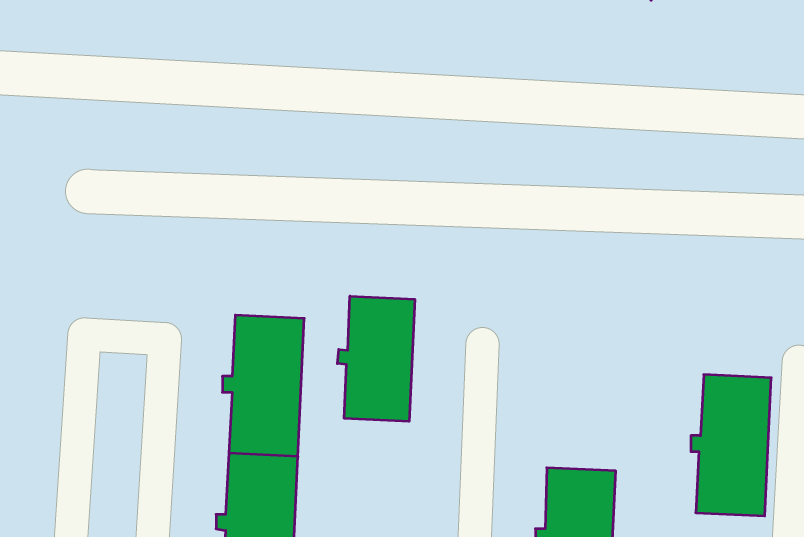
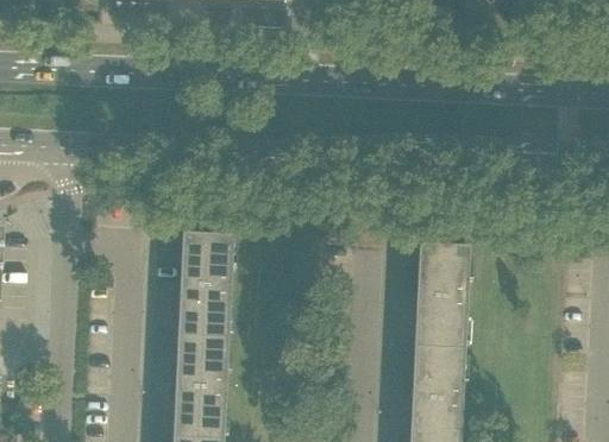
building: [337,296,415,421] -> none
building: [691,375,771,516] -> [409,245,469,349]

